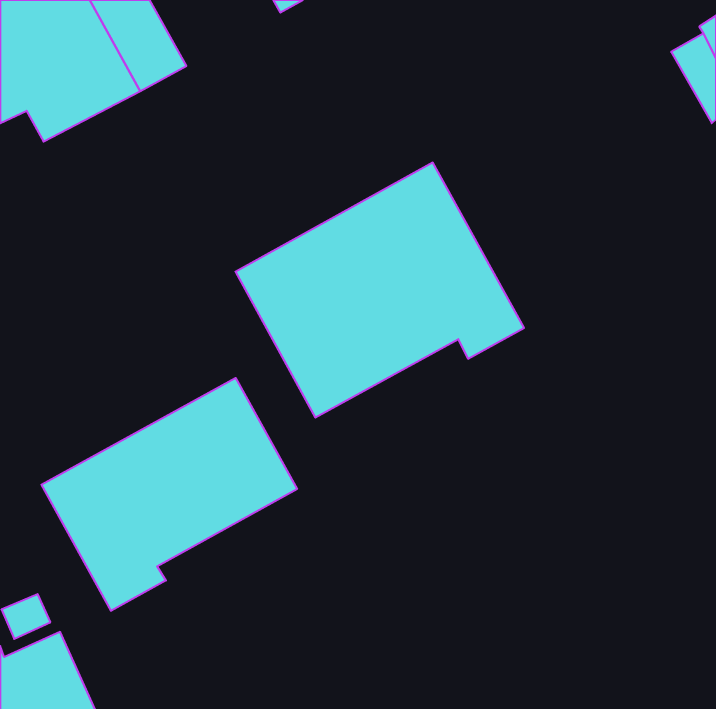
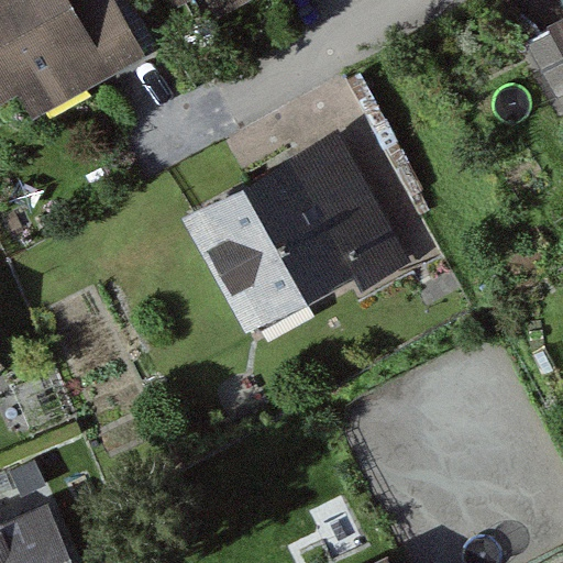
building: [41,378,297,611] -> none

